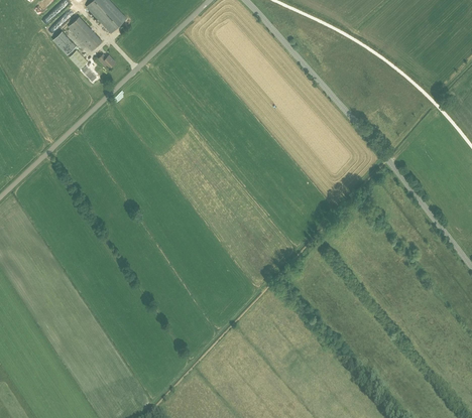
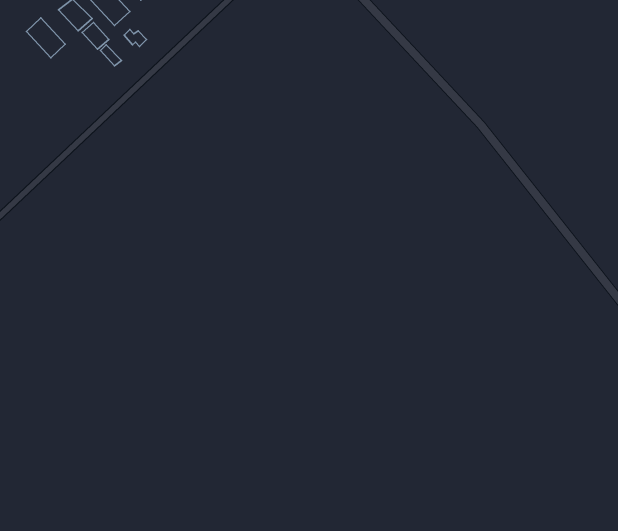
building: none -> [26,18,65,58]

